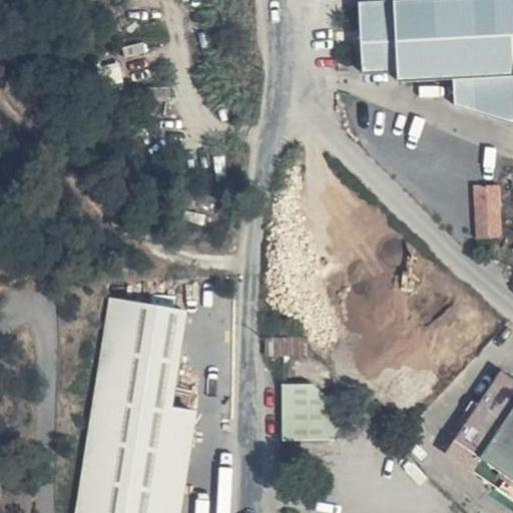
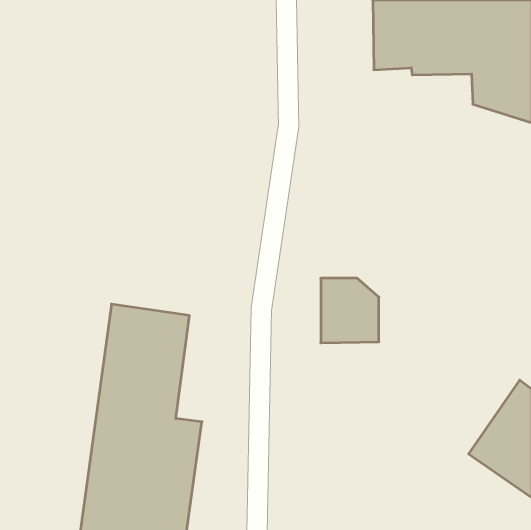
building: [476,184,502,239] -> none
building: [279,383,335,445] -> [321,278,379,343]

